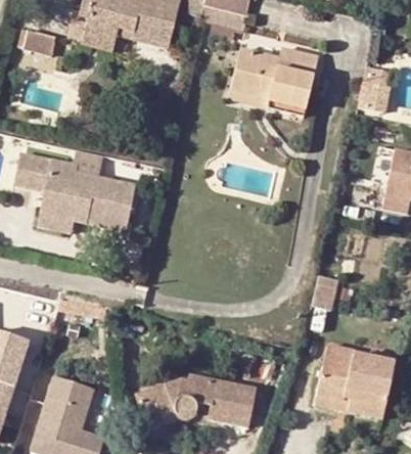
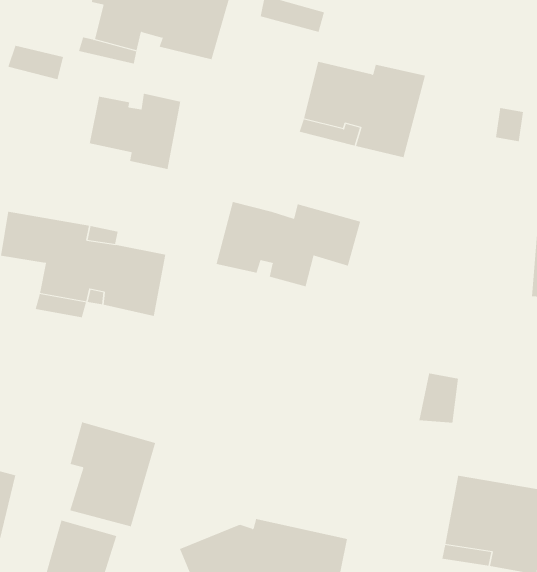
building: none -> [89,93,181,170]
building: none -> [216,201,361,287]
building: none -> [70,421,156,527]

